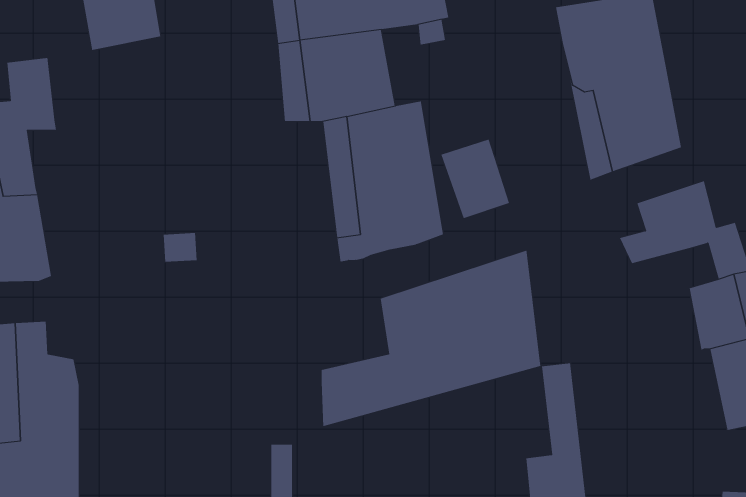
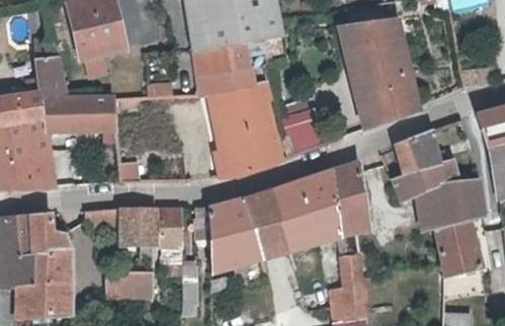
building: none -> [38,98,112,134]
building: none -> [330,160,368,230]
building: none -> [391,166,441,199]
building: none -> [208,198,249,240]
building: none -> [84,208,154,258]
building: none -> [160,208,180,262]
building: none -> [104,273,153,298]

